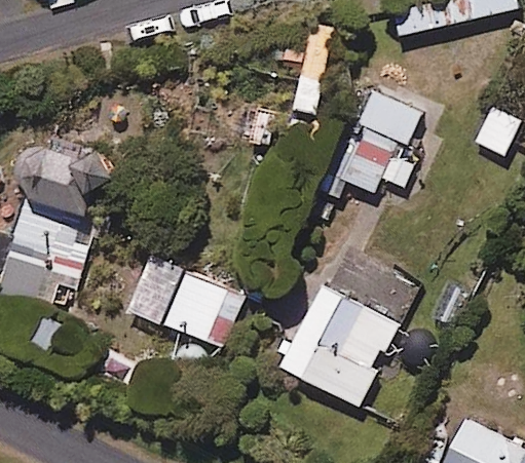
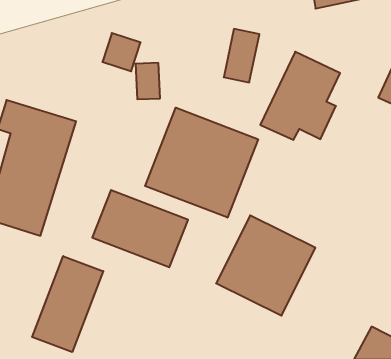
building: none -> [145,108,258,218]
building: none -> [32,256,103,352]

